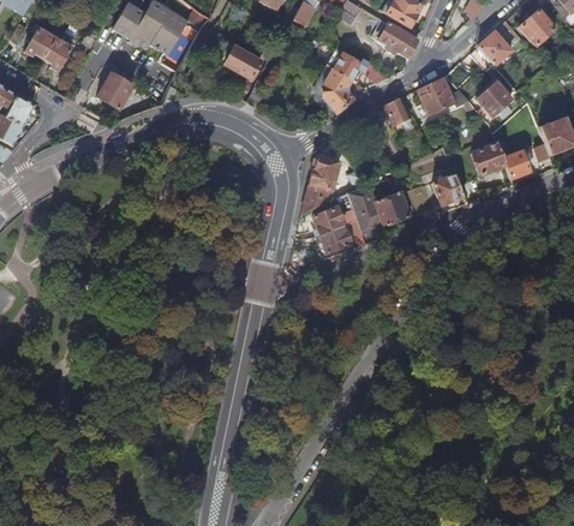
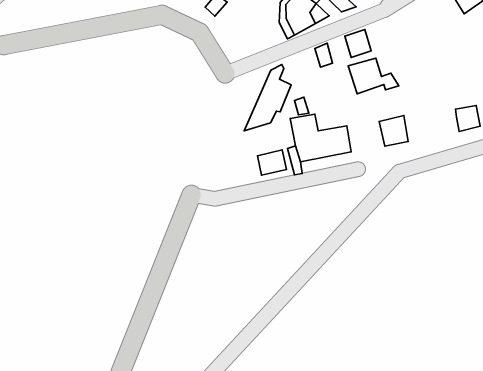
building: [417,77,468,114] -> [348,58,399,94]
building: [477,82,512,116] -> none
building: [471,142,504,174] -> none
building: [313,205,343,234] -> none

